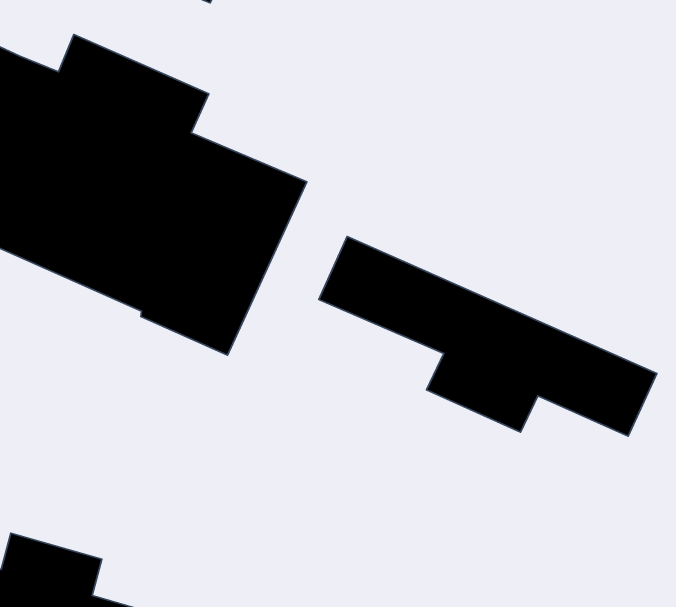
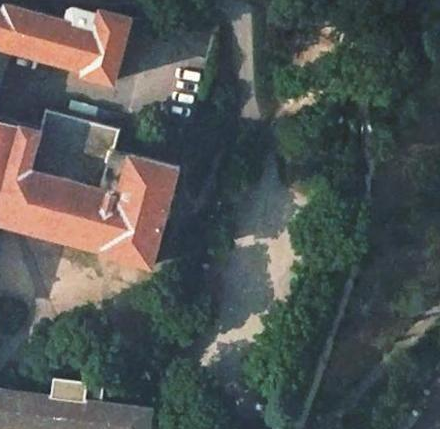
building: [319,237,657,436] -> none

